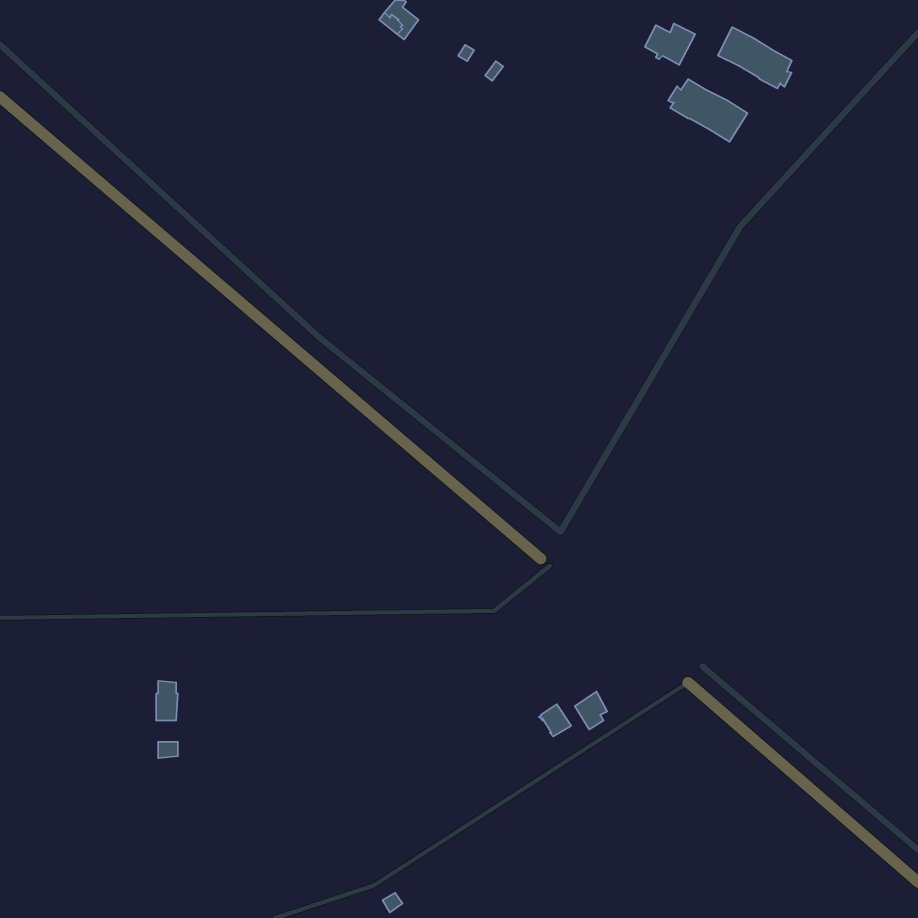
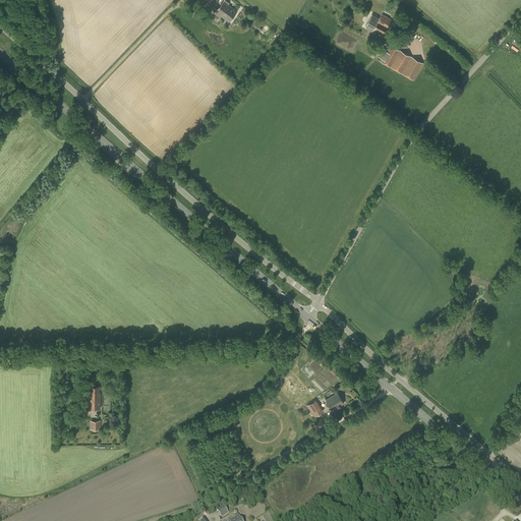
building: [718,27,792,89] -> none

